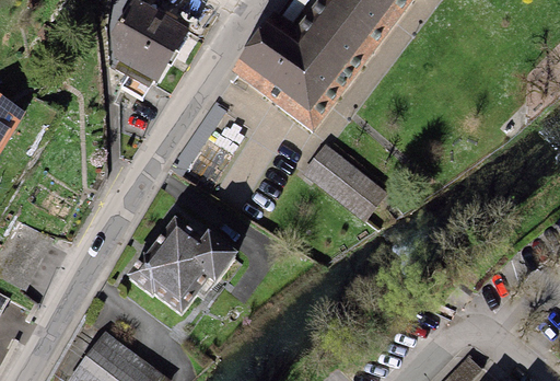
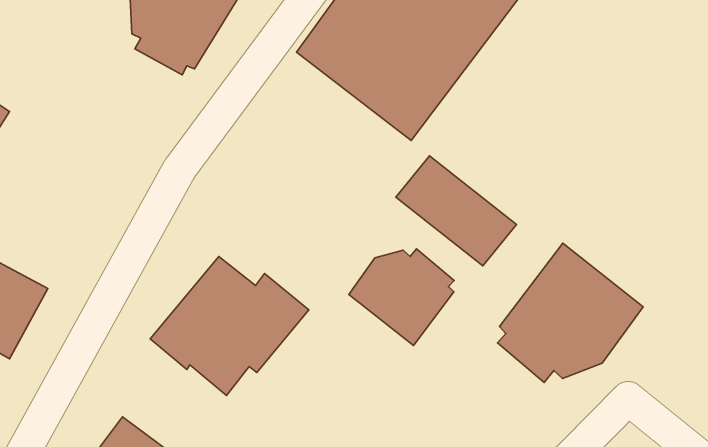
building: none -> [497,243,643,382]
building: none -> [349,249,454,346]

